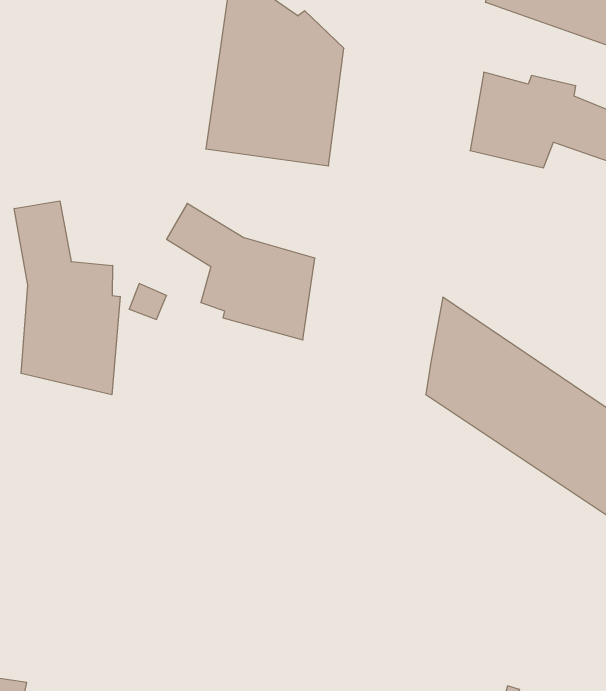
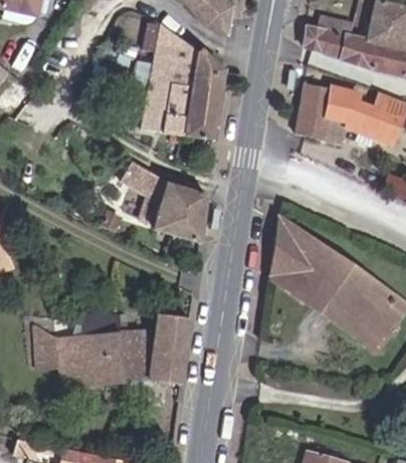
building: [14,201,120,395] -> none
building: none -> [32,311,188,389]

